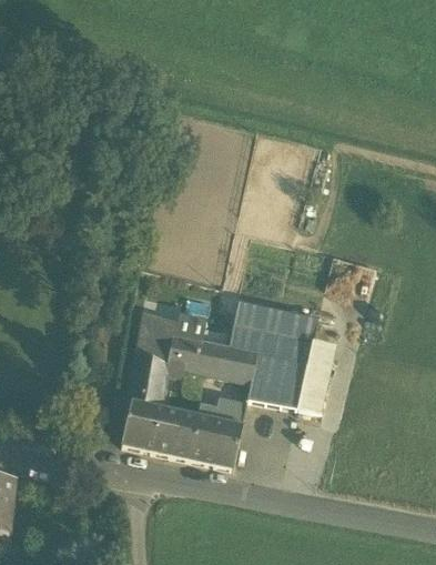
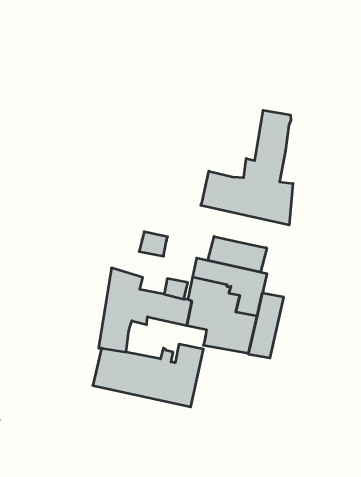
building: none -> [201,110,293,225]
building: none -> [208,236,267,272]
building: [174,313,206,341] -> [139,232,168,256]

